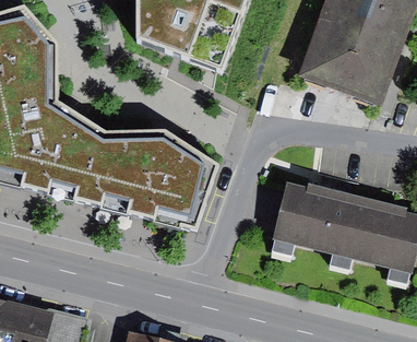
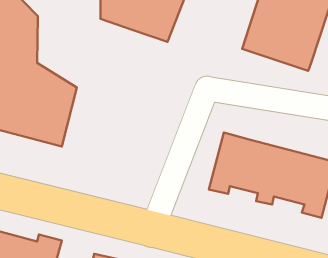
building: [85,123,217,227] -> none

